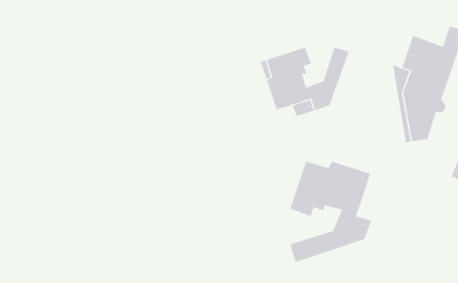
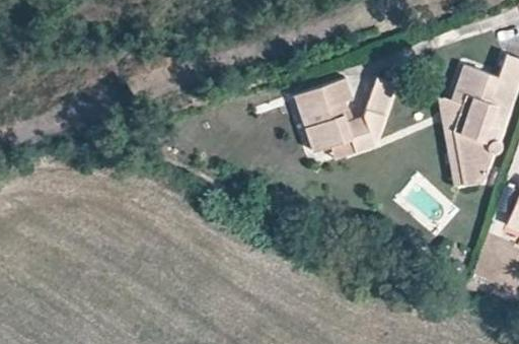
building: [290,161,372,263] -> none

